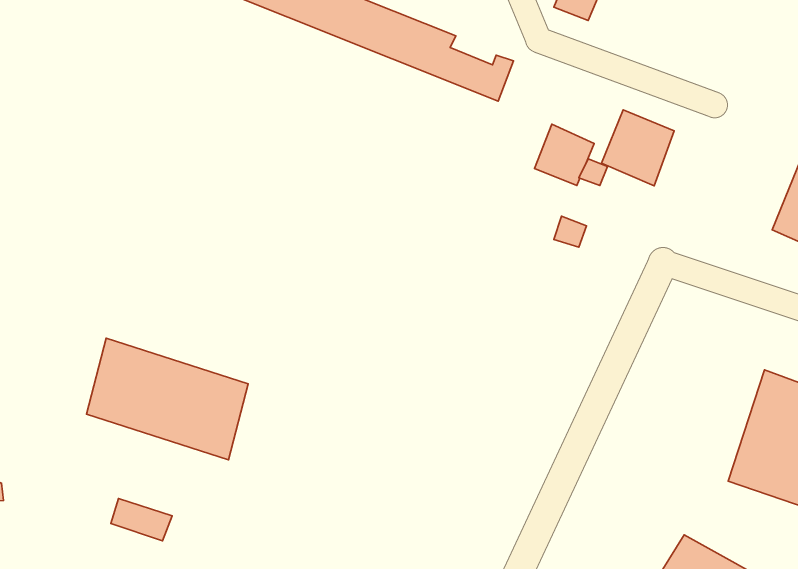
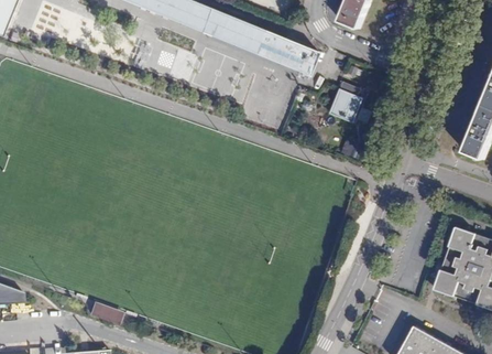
building: [601,110,674,186] -> none
building: [87,338,248,460] -> none

